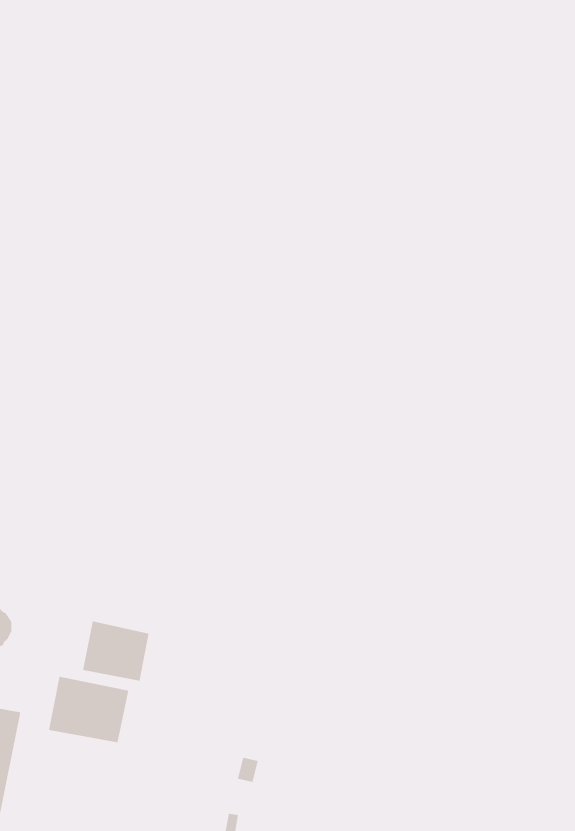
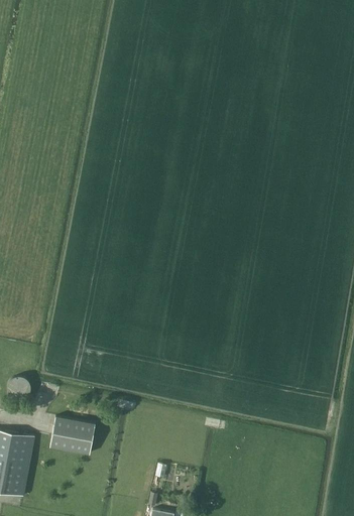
building: [82,620,149,681] -> none

